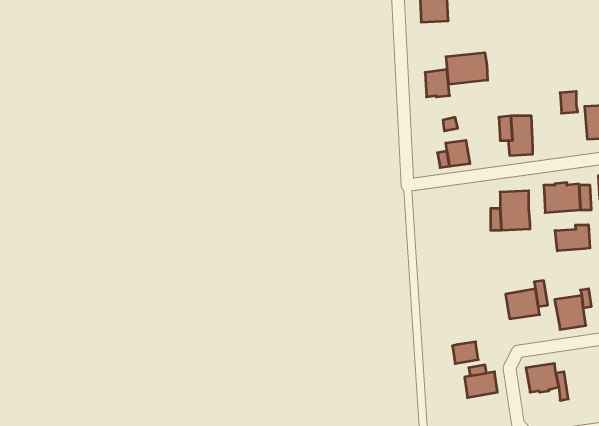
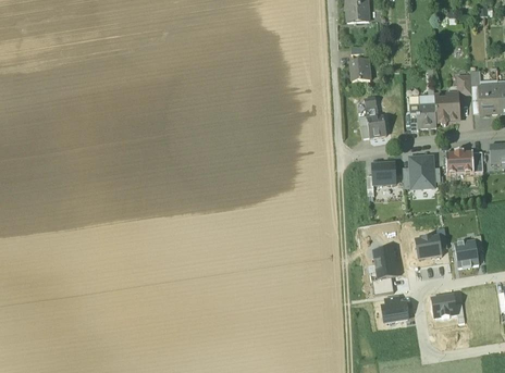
building: [446,53,488,84] -> none
building: none -> [435,96,458,123]
building: none -> [372,162,395,183]
building: [555,225,590,251] -> none
building: none -> [372,247,397,278]

